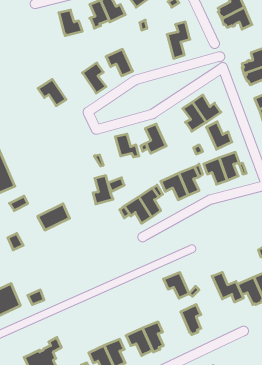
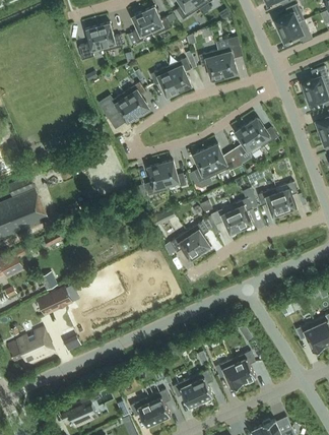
building: none -> [78,26,104,61]
building: none -> [199,51,225,80]
building: none -> [169,59,192,91]
building: [38,79,66,106] -> [108,94,139,123]
building: [206,122,232,149] -> [206,144,235,175]
building: [93,176,113,204] -> [146,165,169,196]
building: [38,204,70,230] -> [37,287,72,316]
building: [212,272,243,302] -> none
building: [163,273,189,298] -> [215,360,244,388]

